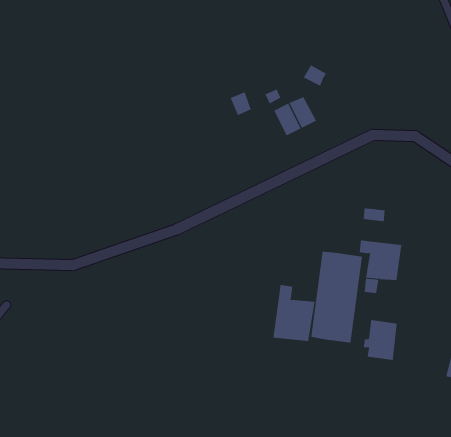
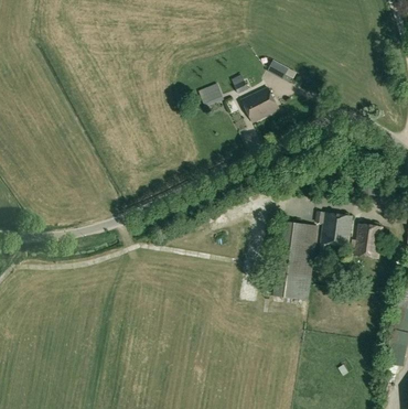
building: [273,284,315,342] -> none
building: [363,320,397,361] -> [351,223,380,258]

